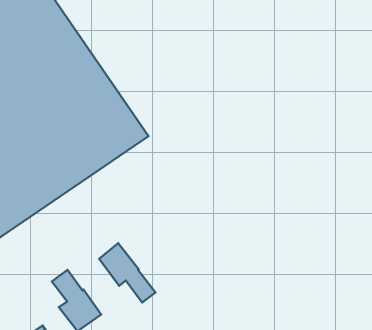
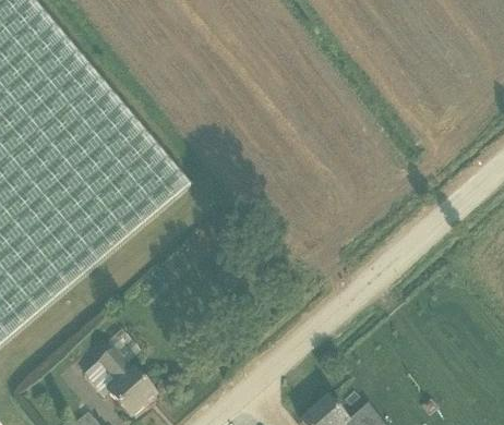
building: [99,243,155,303] -> none

